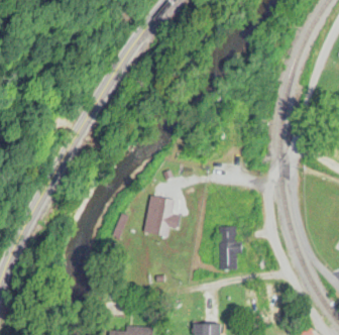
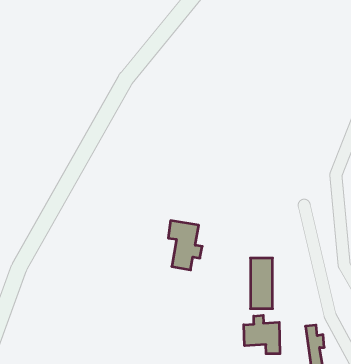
building: none -> [244,315,280,354]

